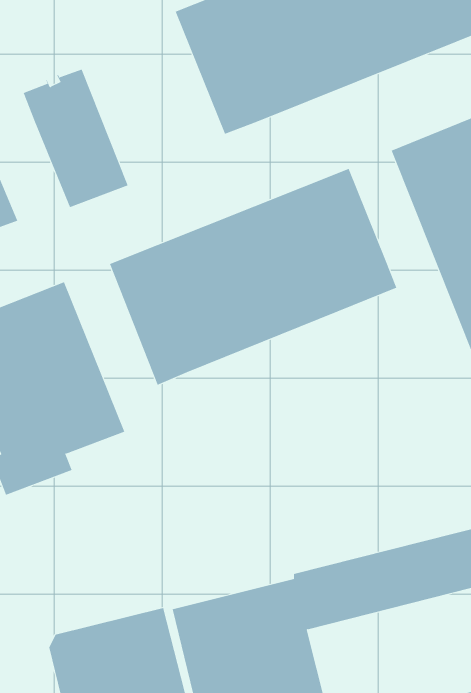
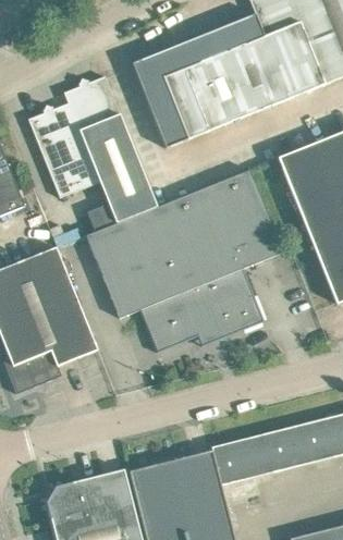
building: none -> [64,75,157,231]
building: none -> [140,268,264,352]

